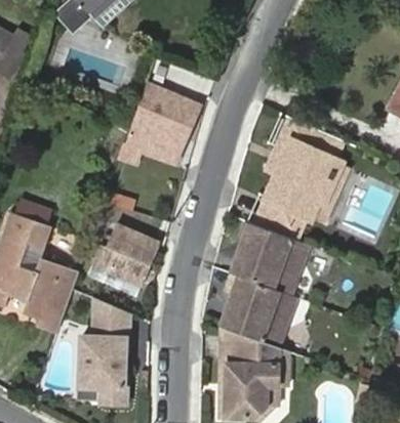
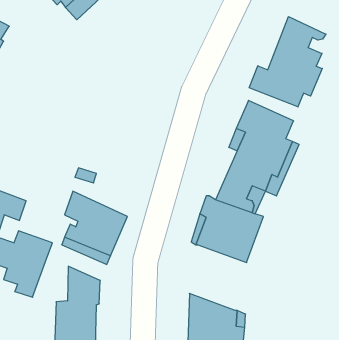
building: none -> [249,17,326,107]
building: [125,87,199,164] -> none
building: [222,274,294,346] -> none

